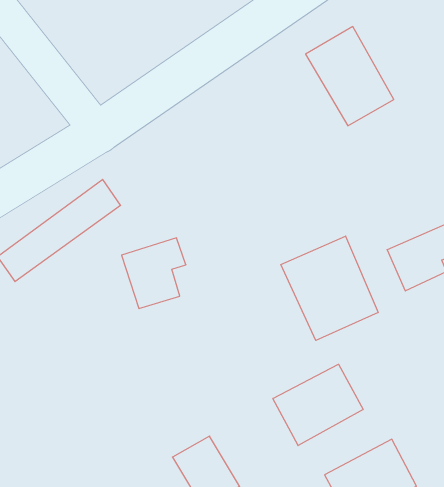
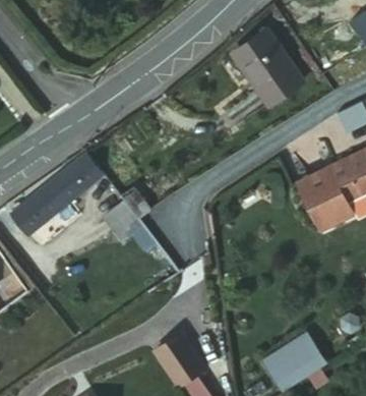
building: [281,236,378,340] -> none
building: [273,364,363,446] -> none

